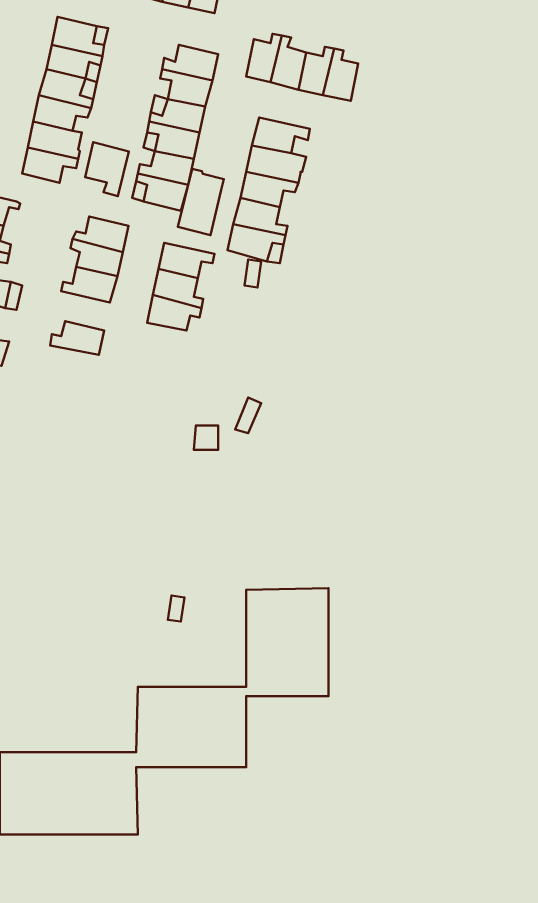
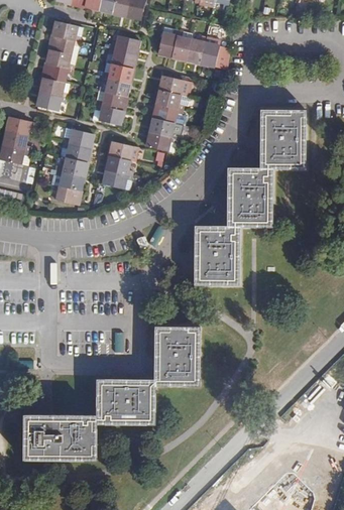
building: [85,142,129,196] -> none
building: [178,169,224,235] -> none
building: none -> [194,115,304,288]
building: none -> [55,167,83,188]

